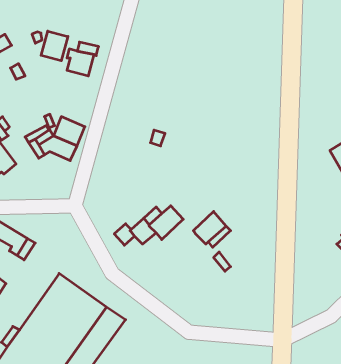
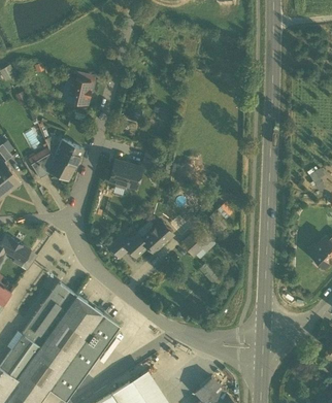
building: [41,31,68,61] -> none
building: none -> [108,160,140,188]

